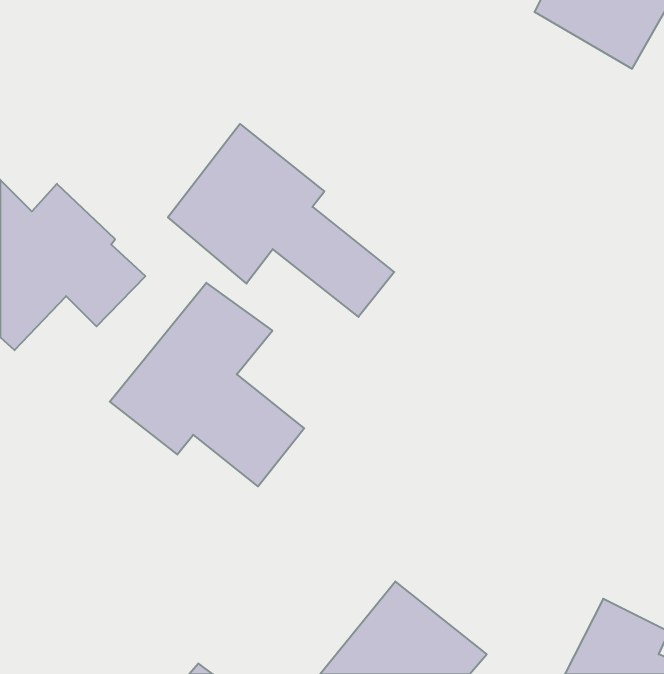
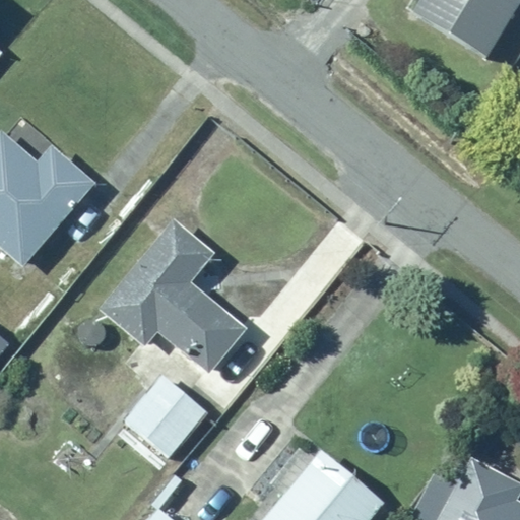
building: [168,124,394,317] -> none
building: none -> [125,376,206,457]

